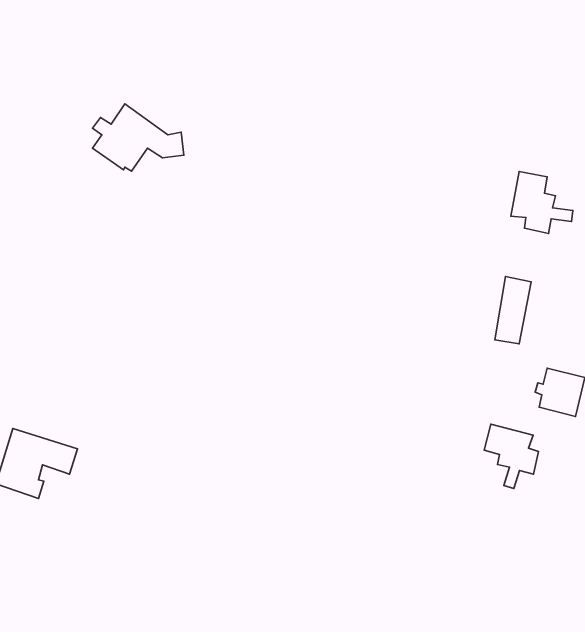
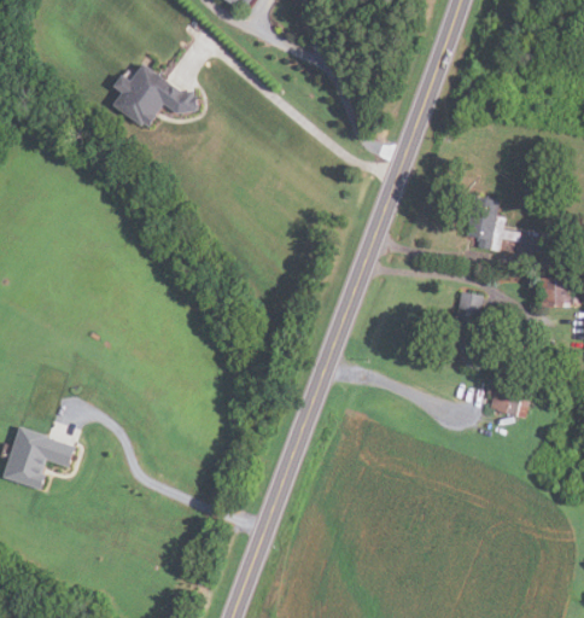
building: [92,104,184,171] -> [113,65,195,126]
building: [484,424,539,489] -> none

